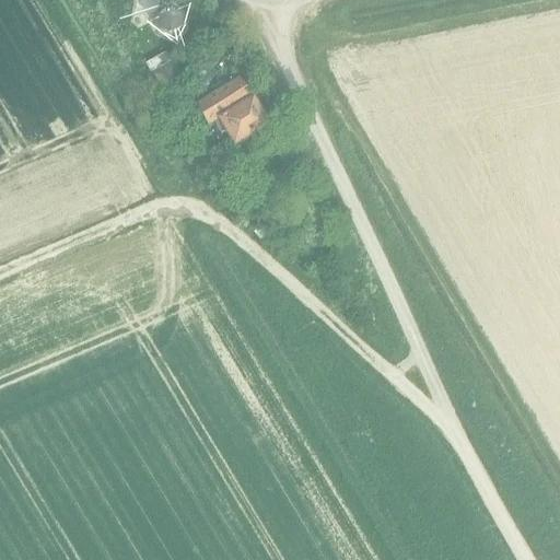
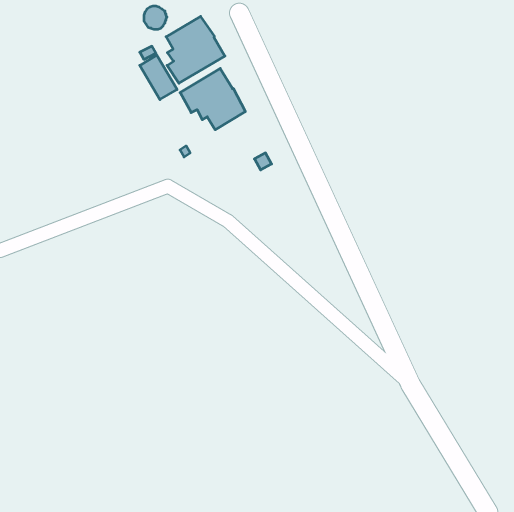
building: none -> [166,16,225,83]

